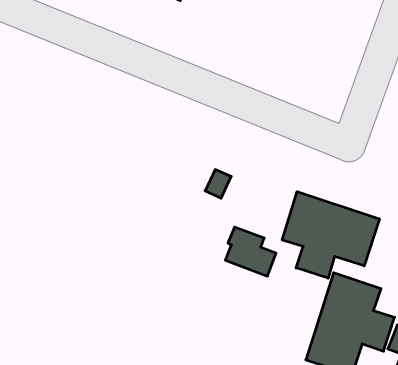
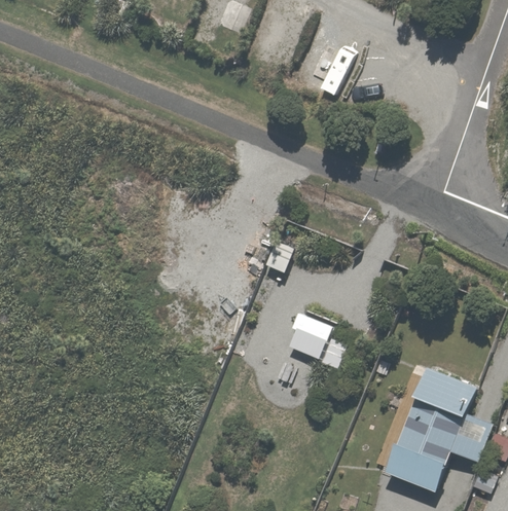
building: [282,192,379,278] -> none

